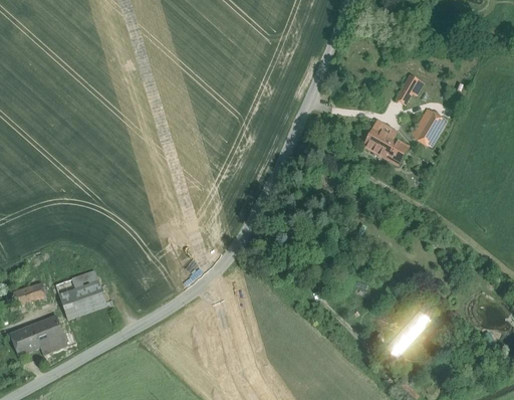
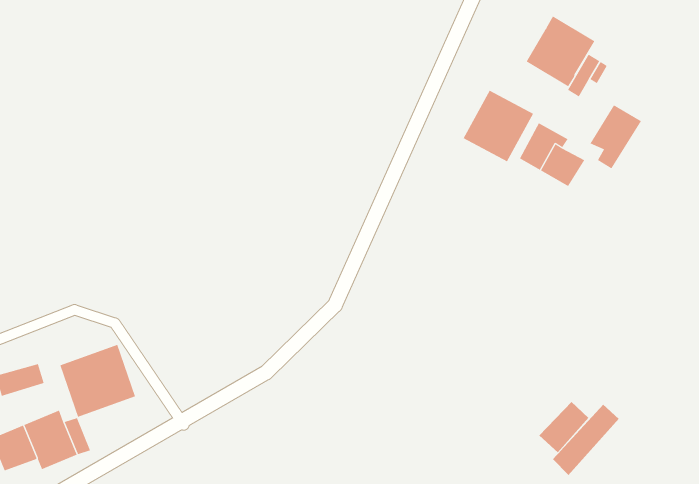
building: none -> [526,15,595,87]
building: none -> [463,90,534,162]
building: none -> [539,401,589,453]

